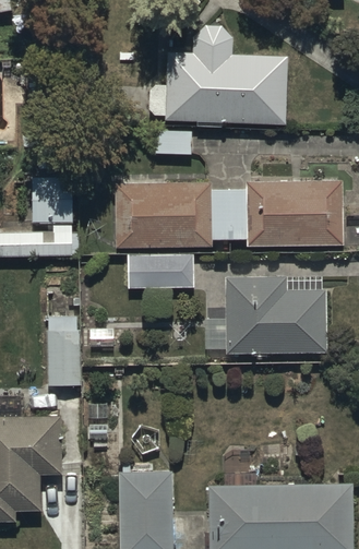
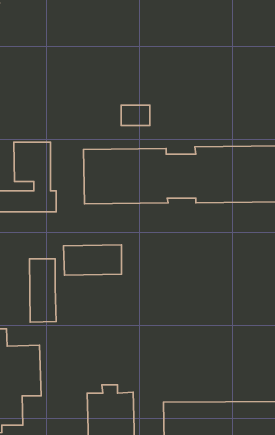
building: [165,25,287,123] -> none
building: [125,253,194,289] -> [63,245,121,275]
building: [207,277,328,353] -> none

